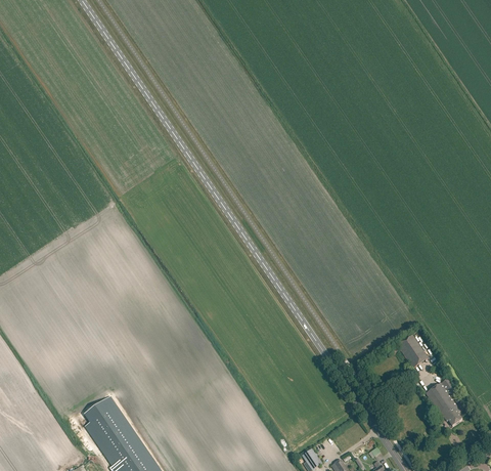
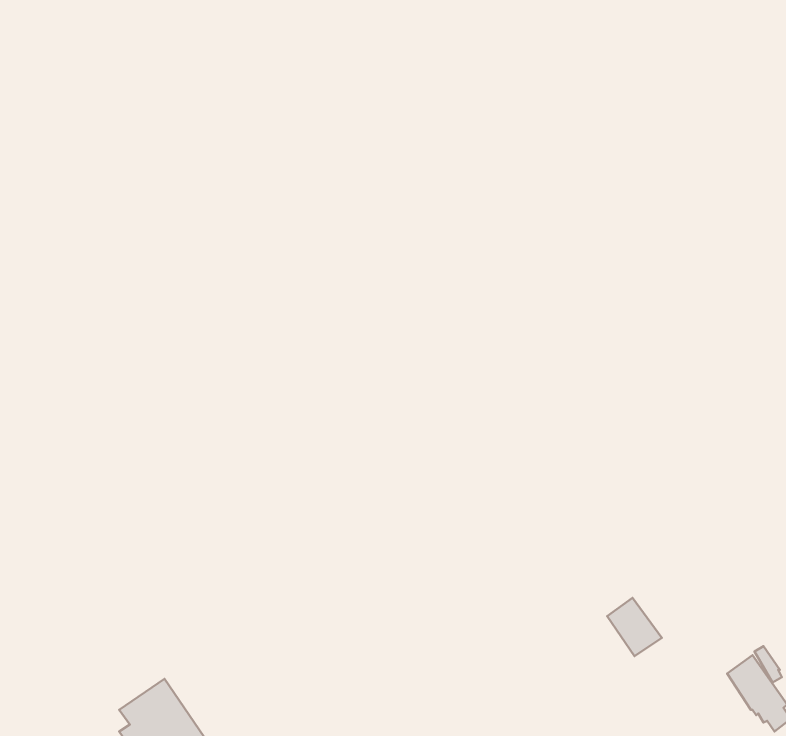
building: [398,336,429,369] -> [607,598,662,656]

